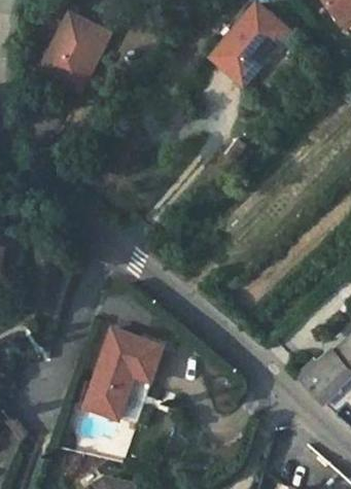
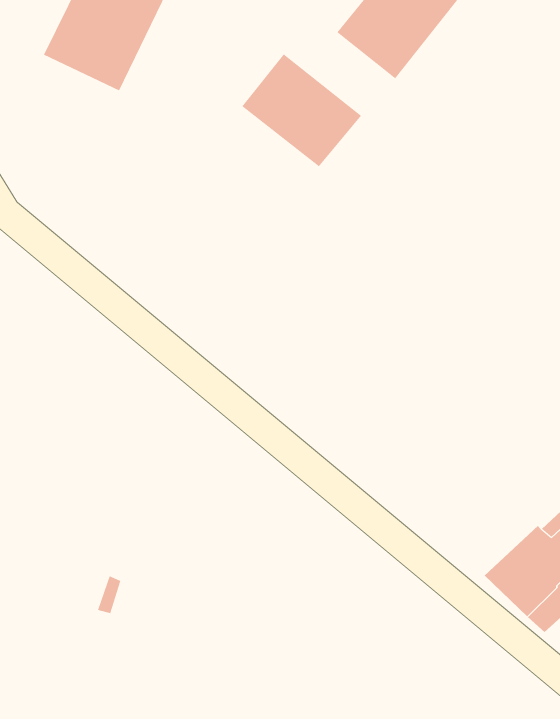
building: none -> [241,54,362,167]
building: [83,328,161,417] -> none

